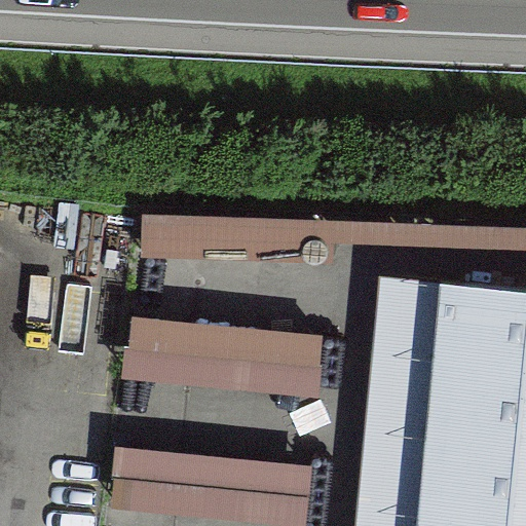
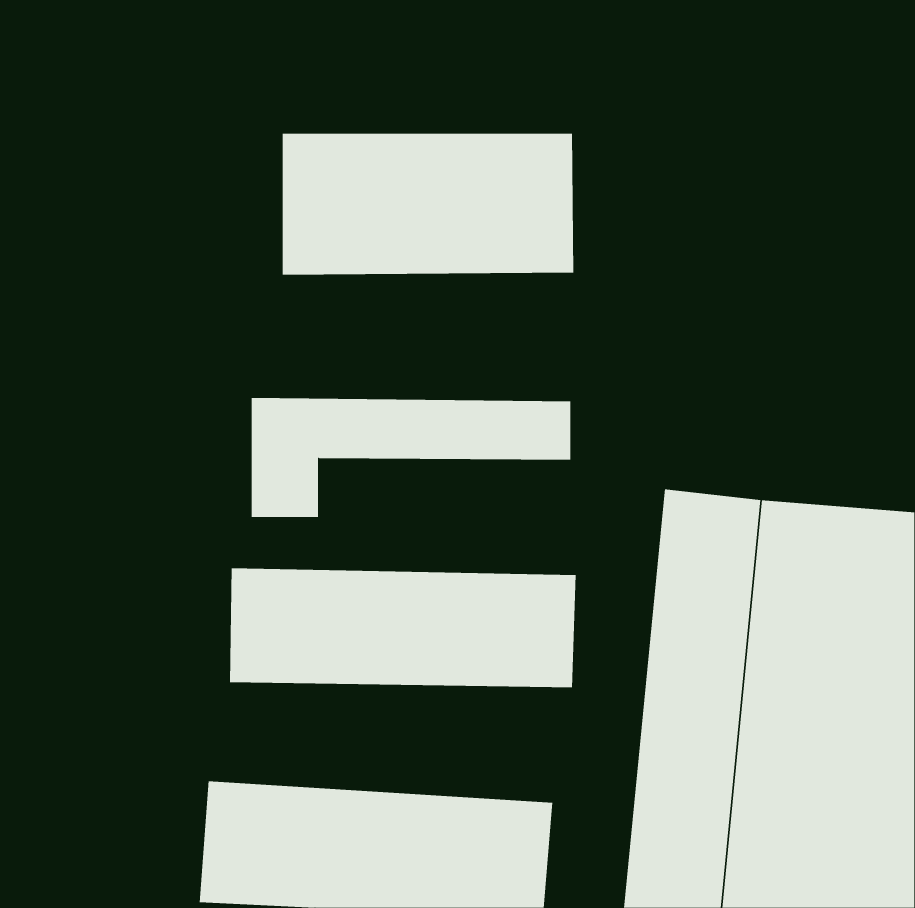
building: none -> [282,133,574,276]

